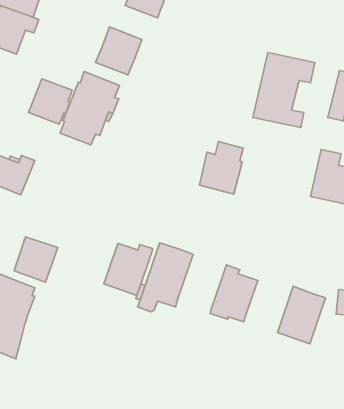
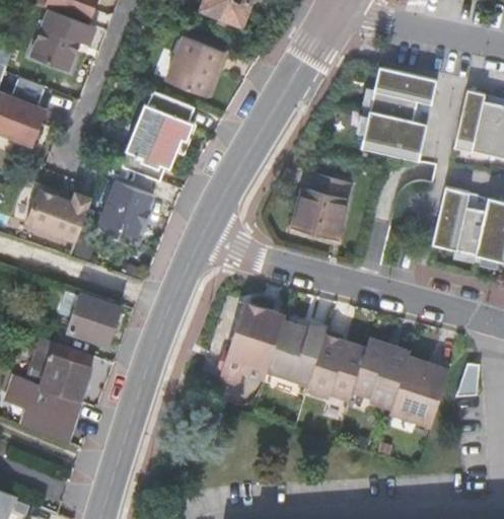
building: [29,79,72,124] -> [99,182,153,238]
building: [104,244,153,296] -> [268,321,328,385]
building: none -> [351,338,411,410]

